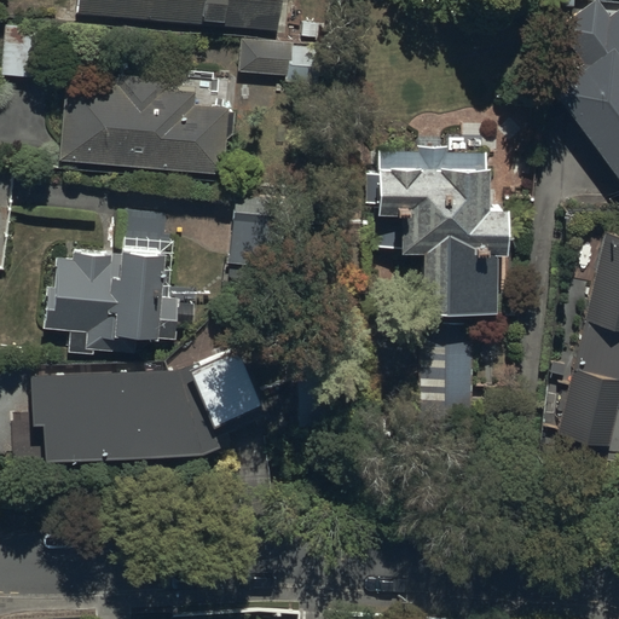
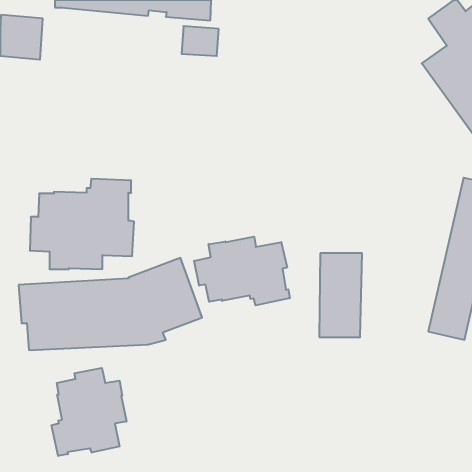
building: [58,75,227,172] -> none
building: [365,140,504,311] -> none
building: none -> [194,237,290,305]
building: none -> [51,368,126,456]

